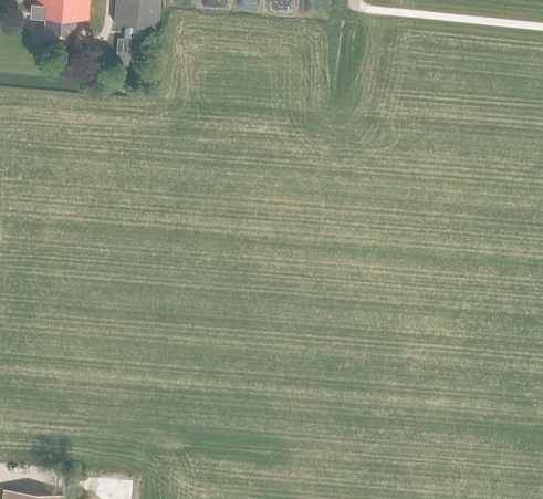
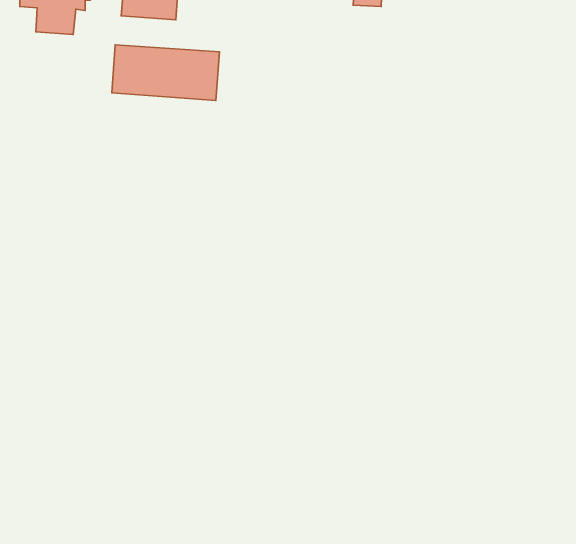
building: none -> [112,45,219,101]

